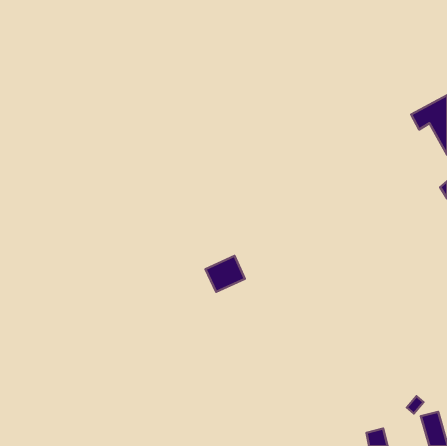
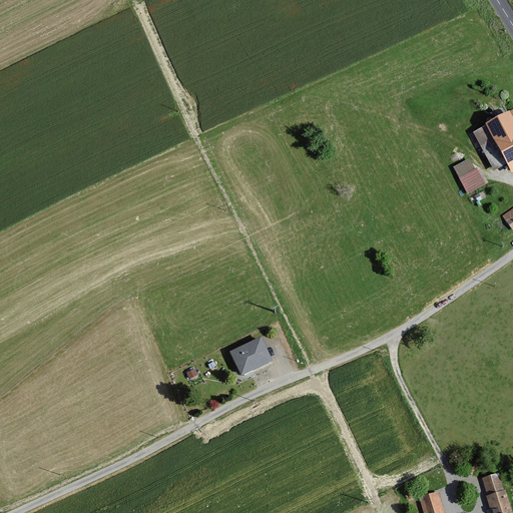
building: none -> [459,169,485,194]
building: [206,256,245,292] -> [228,337,274,378]

